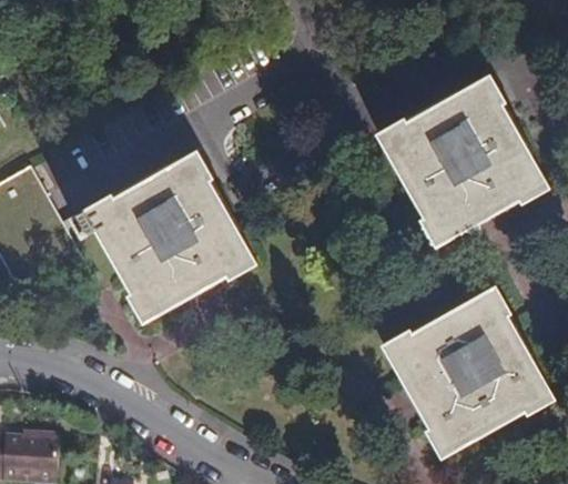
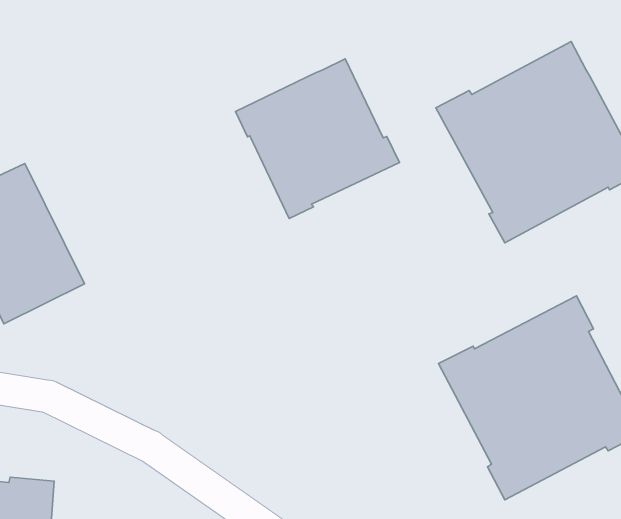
building: none -> [236,59,400,218]
building: [87,155,261,329] -> none

